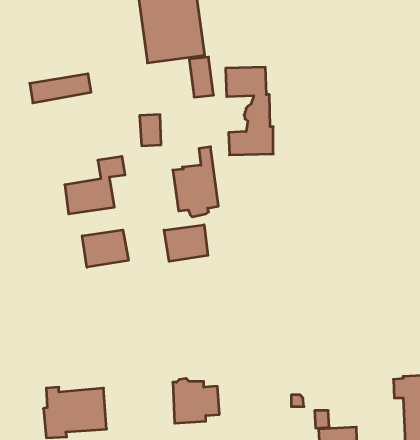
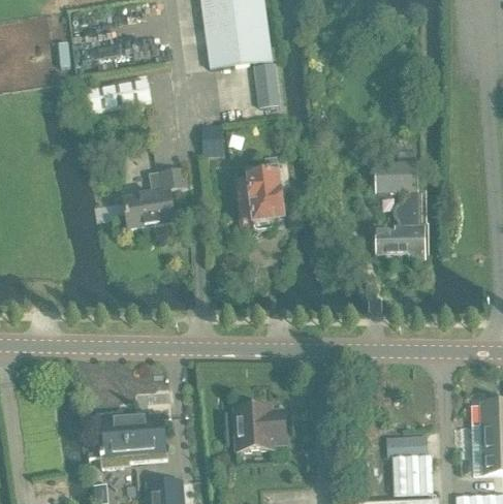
building: [226,67,273,155] -> [374,163,425,256]
building: [164,225,208,261] -> none
building: [82,230,128,267] -> none

